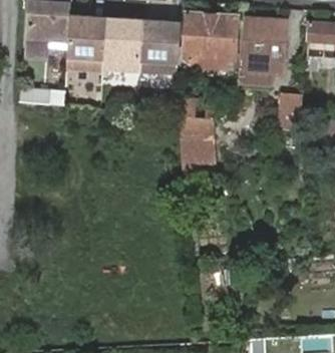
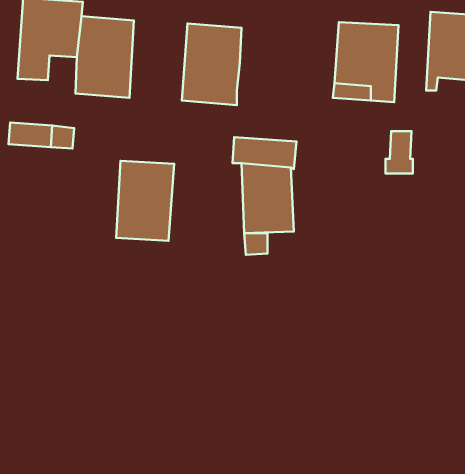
building: [177,12,236,69] -> none
building: [102,17,142,72] -> [116,161,174,241]

